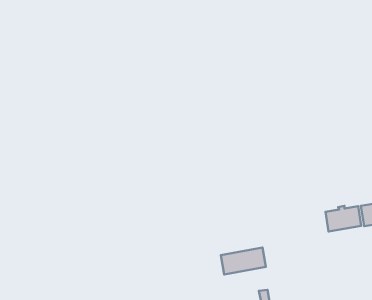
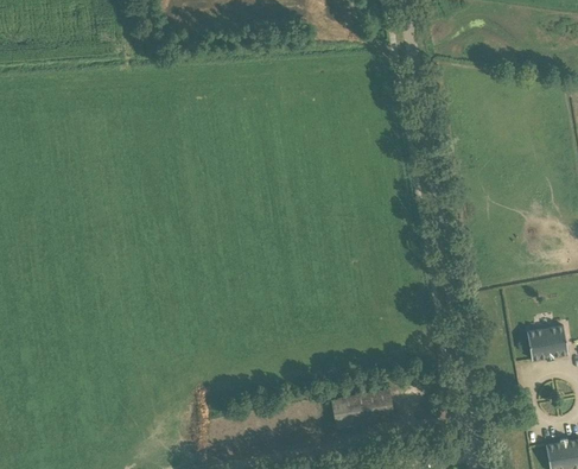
building: [325,206,361,231] -> none

